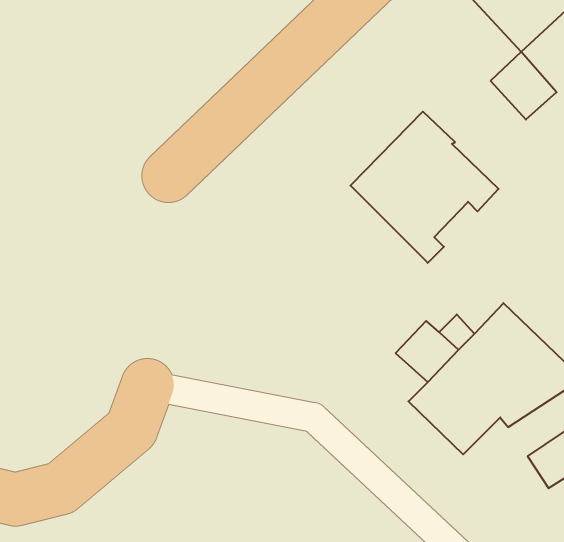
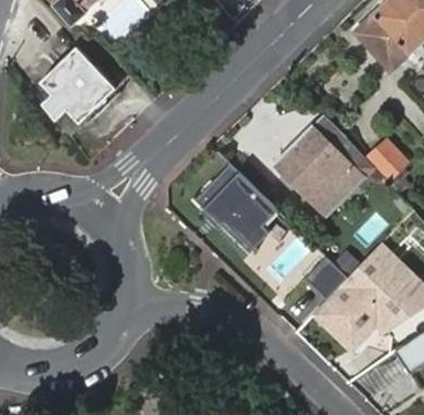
building: none -> [42,48,115,133]
building: [491,52,557,120] -> [364,134,410,180]
building: none -> [195,165,278,253]

